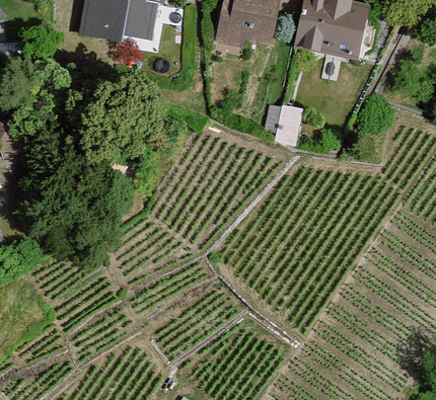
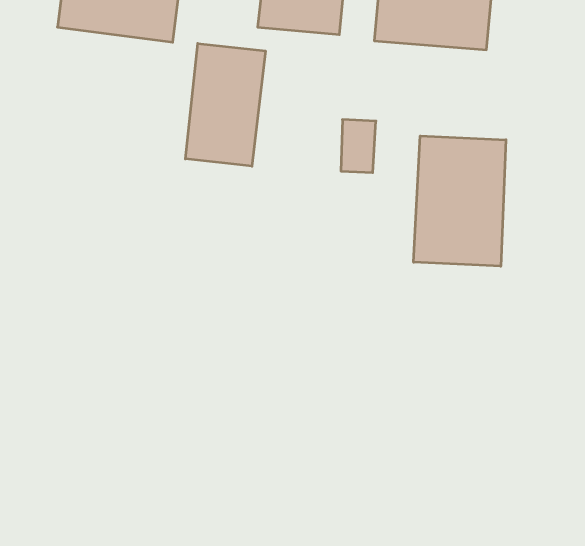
building: none -> [185,43,265,166]
building: none -> [414,136,506,266]

